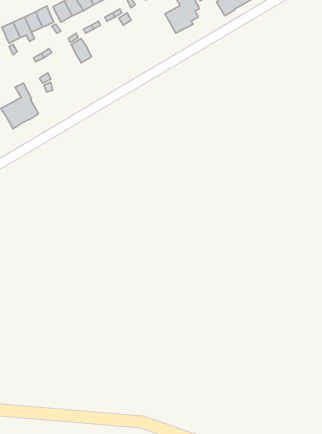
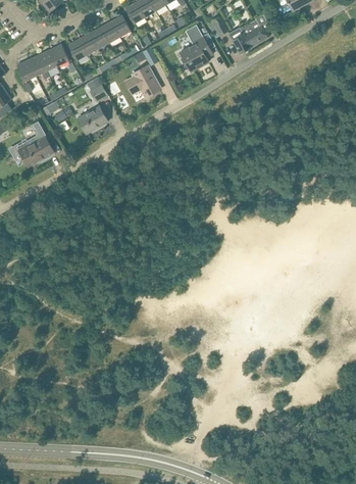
building: none -> [124,65,160,96]
building: none -> [78,105,107,133]

